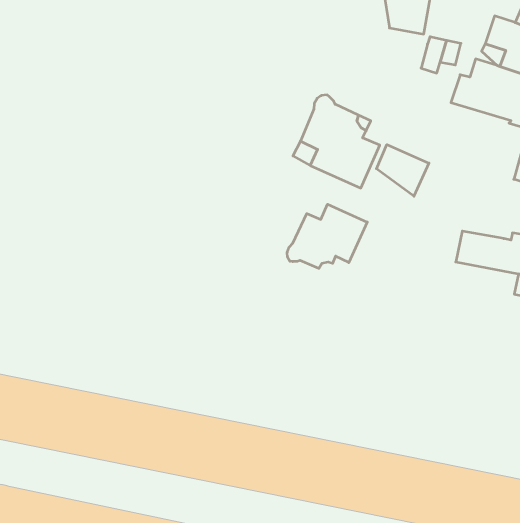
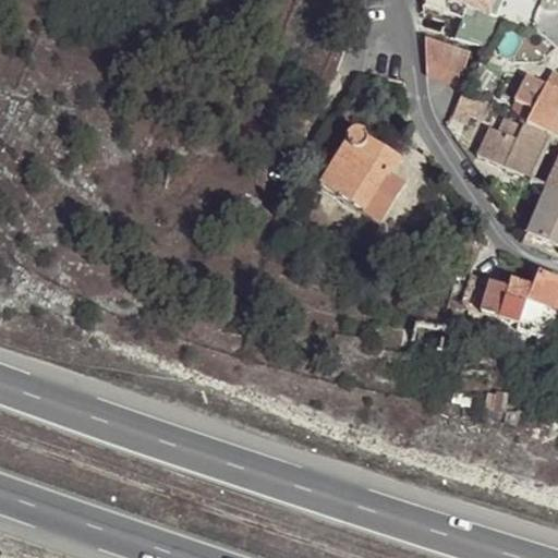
building: [376,145,429,196] -> none
building: [287,204,367,268] -> none

